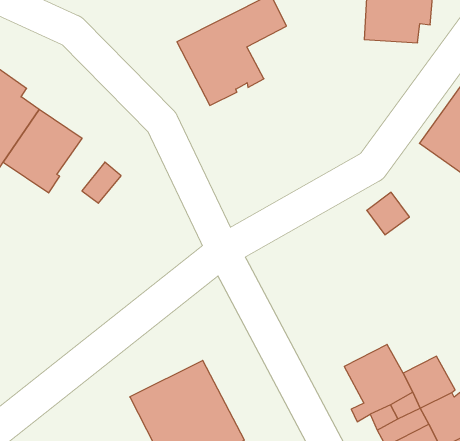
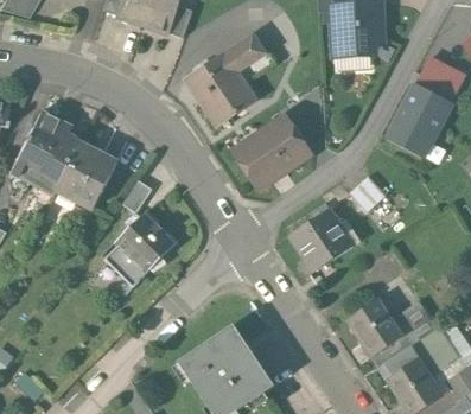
building: none -> [234,114,311,189]
building: none -> [104,211,177,287]
building: none -> [288,202,359,274]

